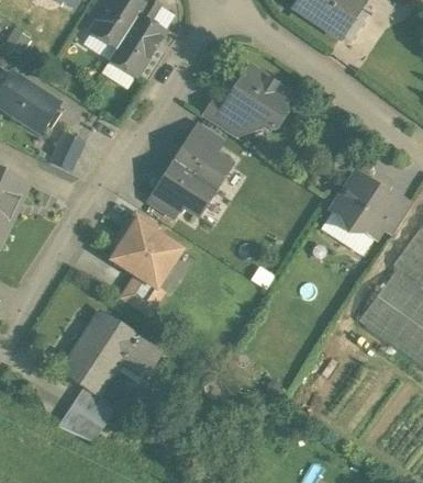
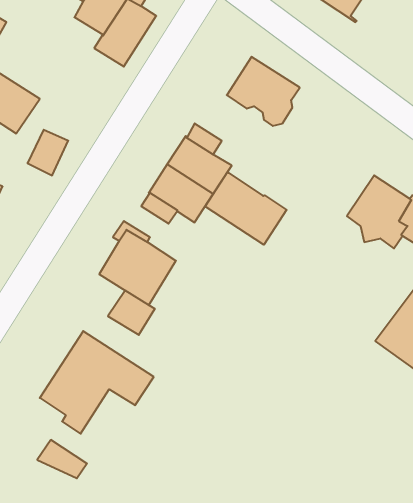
building: [203,96,244,137] -> none
building: none -> [205,172,287,245]
building: [70,391,112,428] -> none

